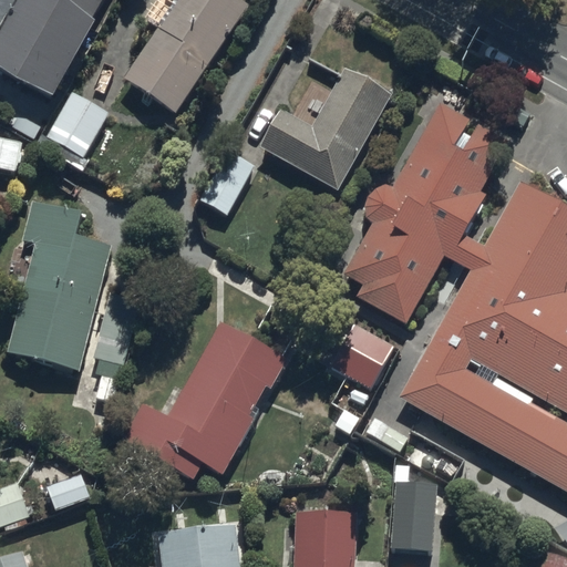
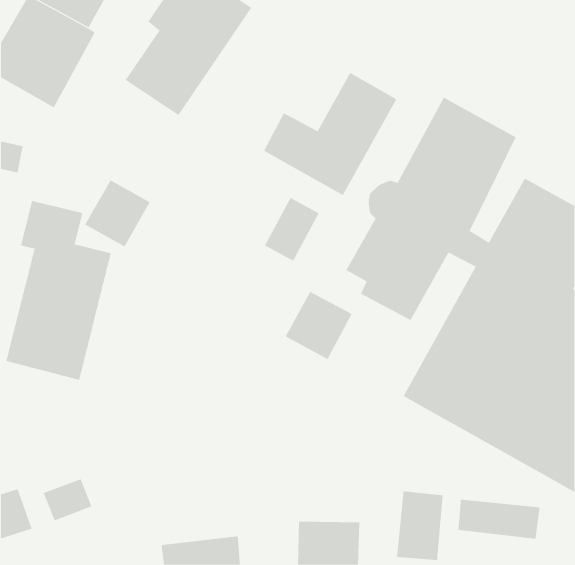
building: [44,91,110,157] -> [84,180,151,247]
building: [199,151,254,214] -> [264,197,319,261]
building: [329,322,395,390] -> [285,291,353,360]
building: [121,326,287,482] -> none
building: none -> [458,499,540,539]

